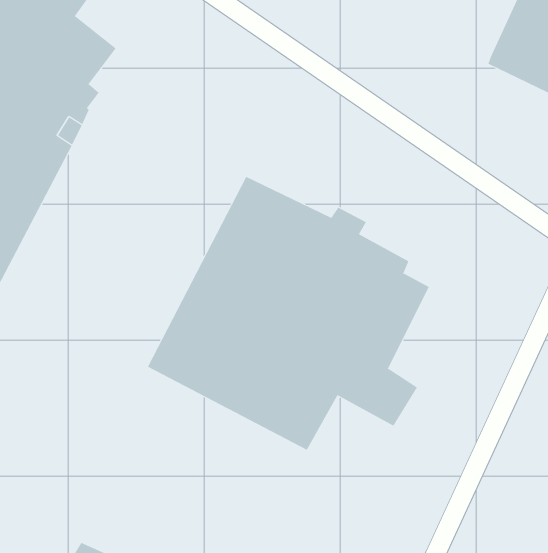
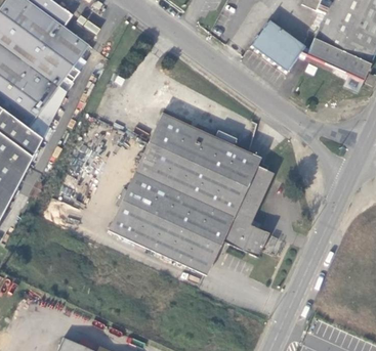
building: none -> [254,18,306,68]

